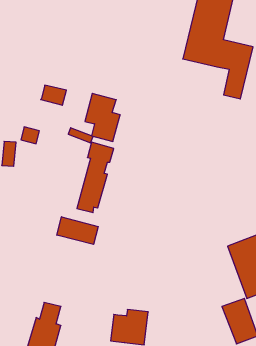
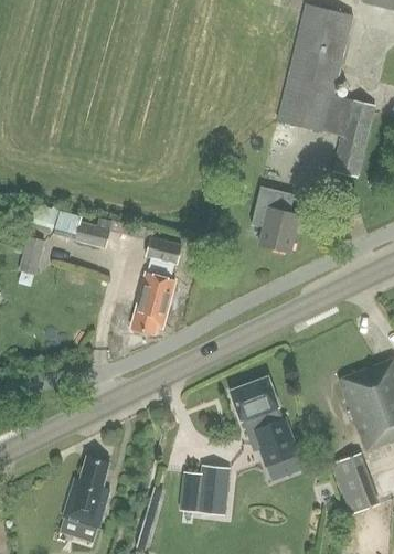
building: [41,85,66,105] -> [74,221,109,248]
building: [85,93,120,141] -> [251,185,299,252]
building: [57,217,98,244] -> none
building: none -> [230,376,301,468]

